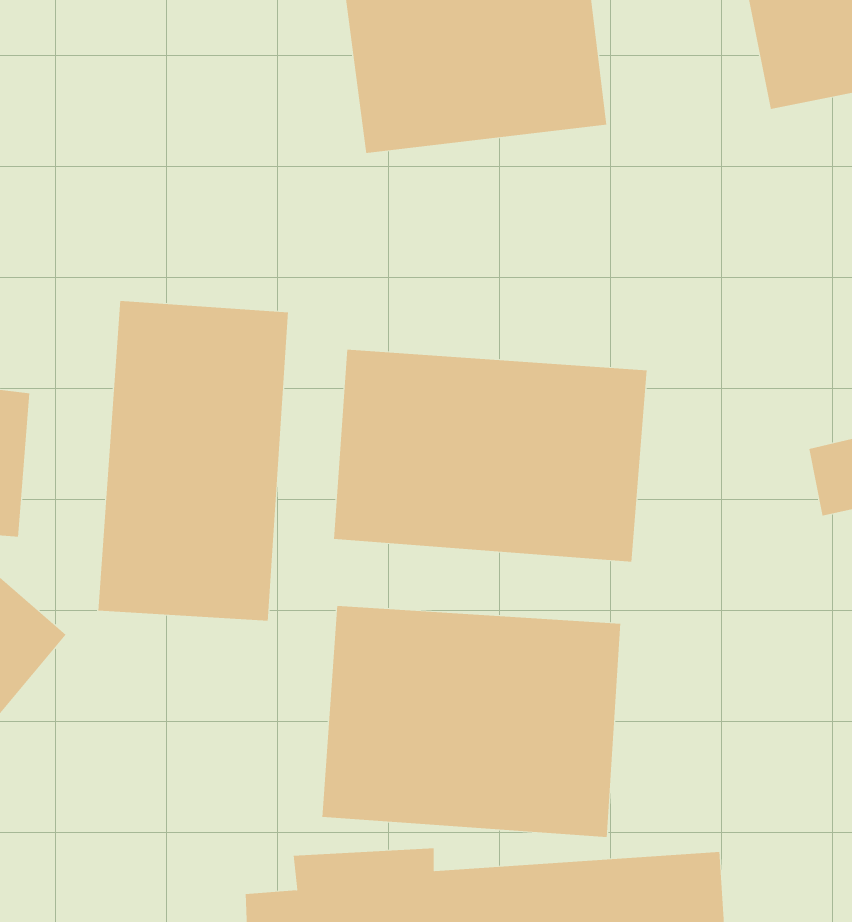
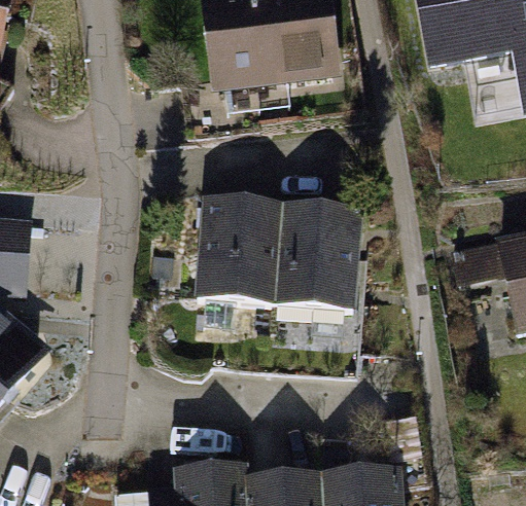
building: [98,300,288,621] -> none
building: [322,605,621,838] -> none

